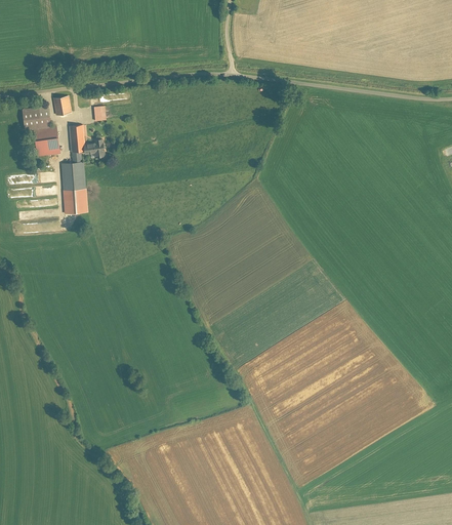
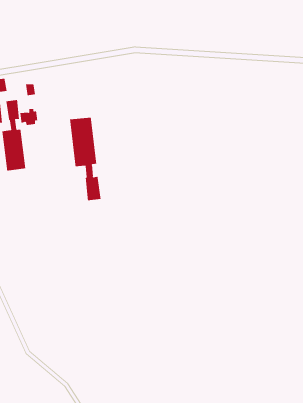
building: none -> [69,117,101,201]

